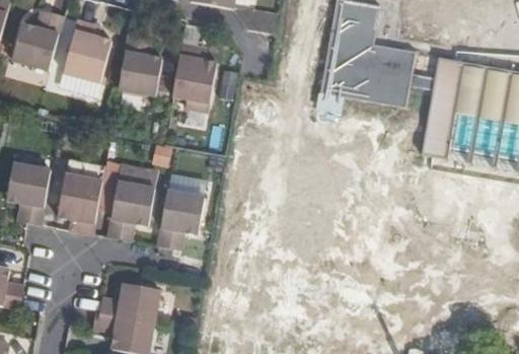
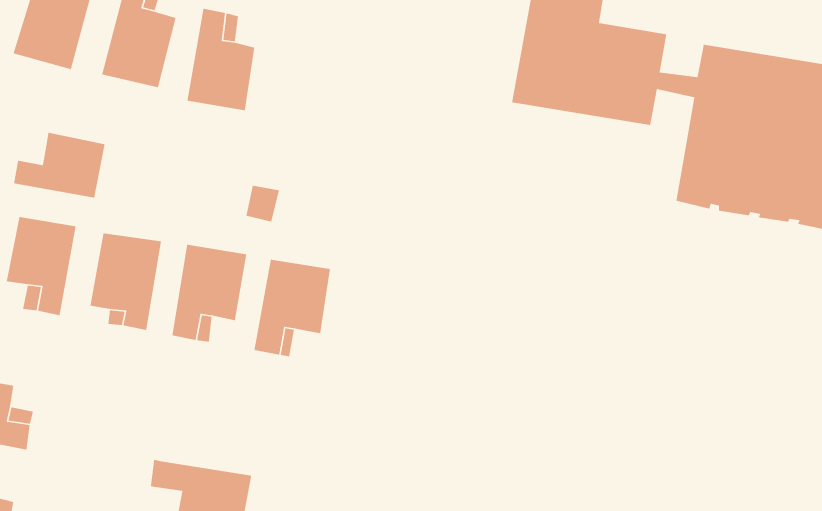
building: [172,43,215,113] -> none
building: none -> [13,132,106,199]
building: [101,283,163,323] -> none

